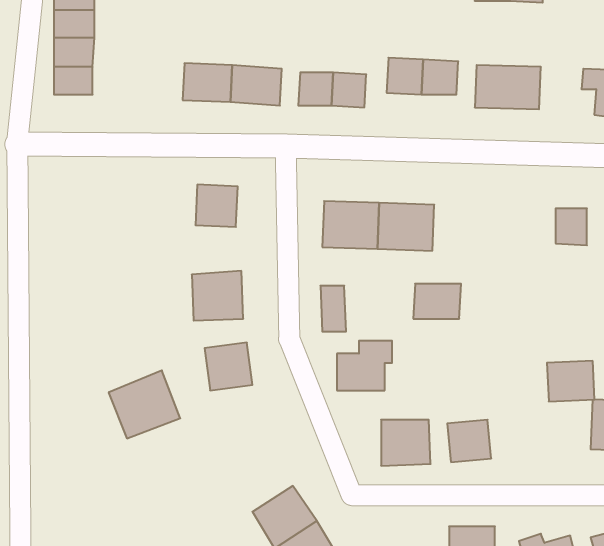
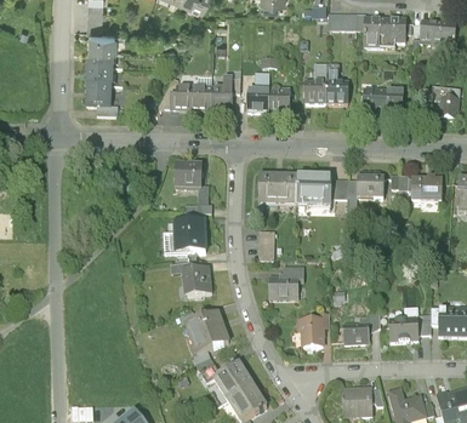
building: [413,284,461,319] -> [357,177,388,200]
building: [547,361,595,401] -> [389,319,421,345]
building: [109,370,180,438] -> [184,311,232,356]

